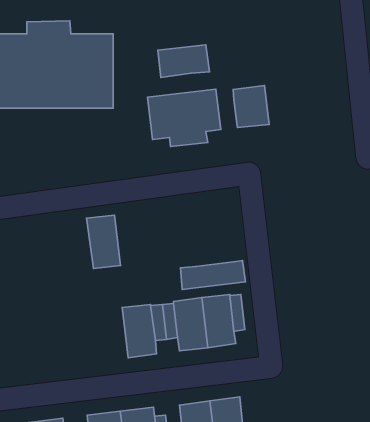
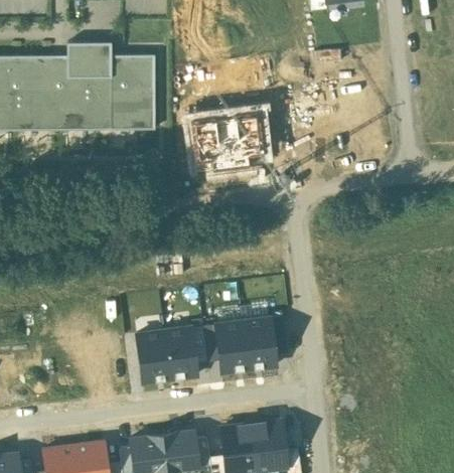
building: [158,45,210,77] -> none
building: [233,86,269,128] -> none
building: [86,215,121,269] -> [135,329,169,382]
building: [181,261,246,289] -> none

